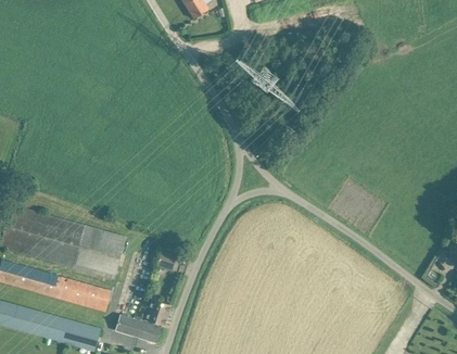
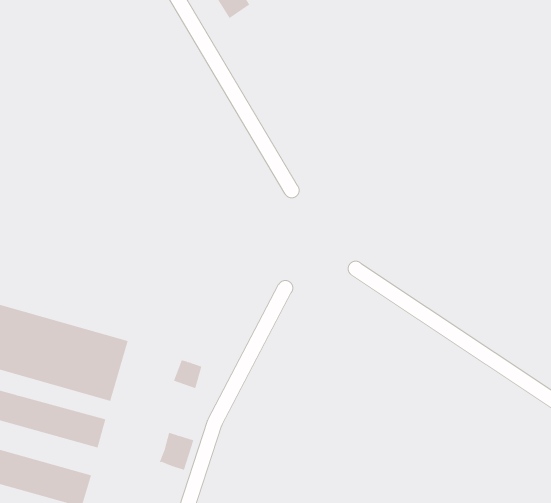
building: [116,314,161,342] -> none

